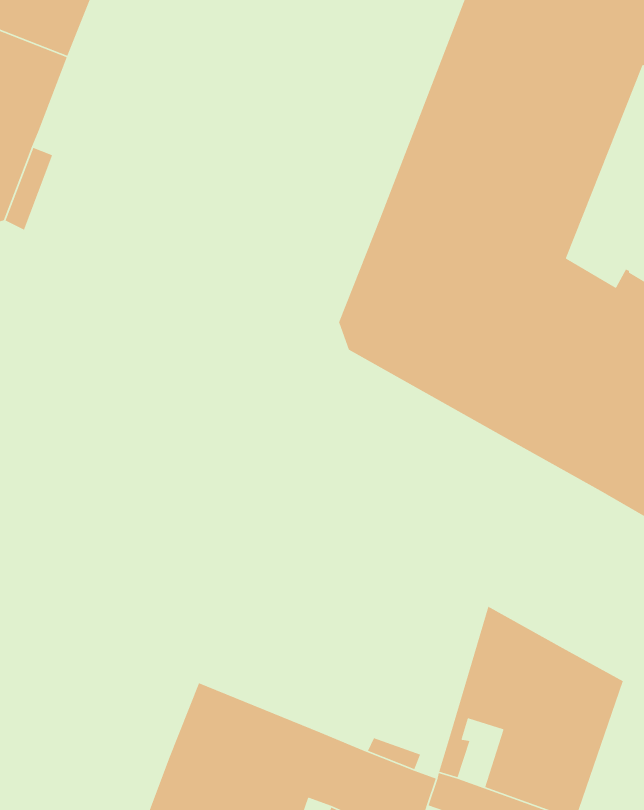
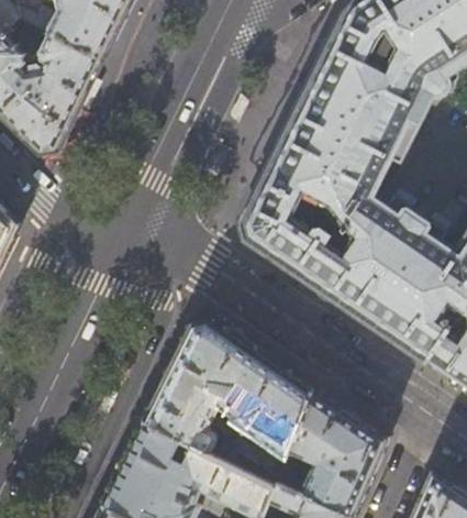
building: none -> [146,320,314,462]

